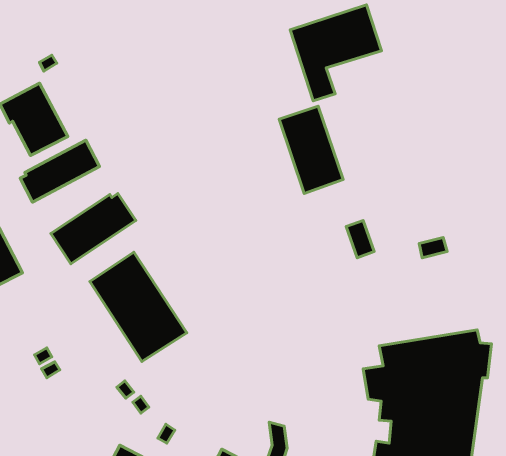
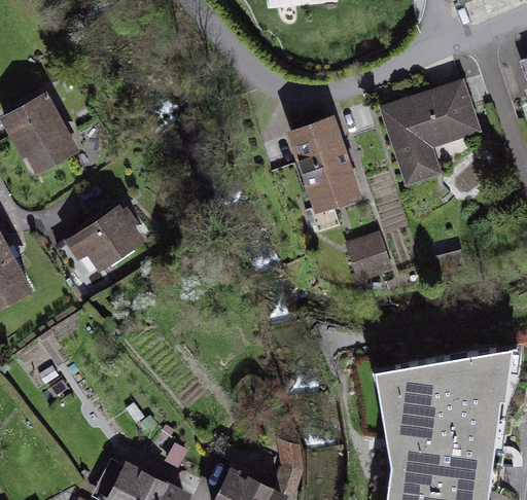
building: [290,5,381,101] -> [383,82,477,181]
building: [20,140,100,202] -> none
building: [90,252,187,361] -> none

